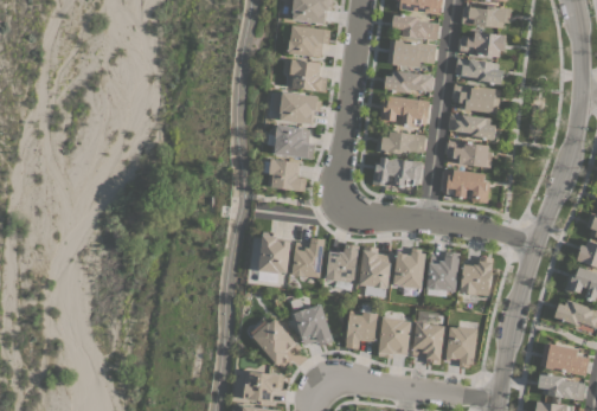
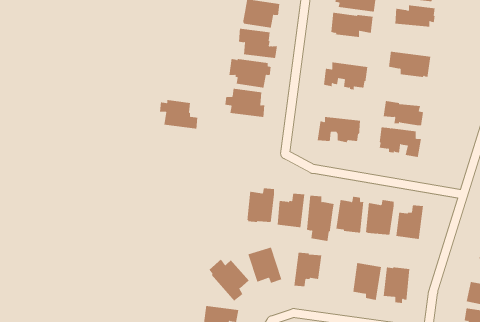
building: [456,58,503,85] -> none
building: [385,71,434,94] -> none
building: [448,114,496,141] -> none
building: [377,131,425,154] -> none
building: [263,159,307,192] -> [159,100,198,129]
building: [258,232,291,274] -> none
building: [378,316,411,358] -> none

